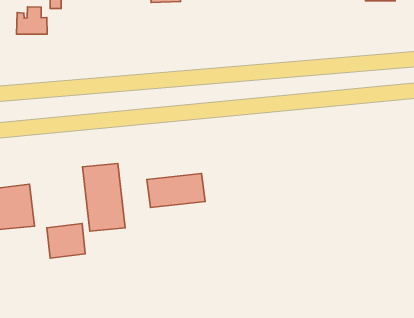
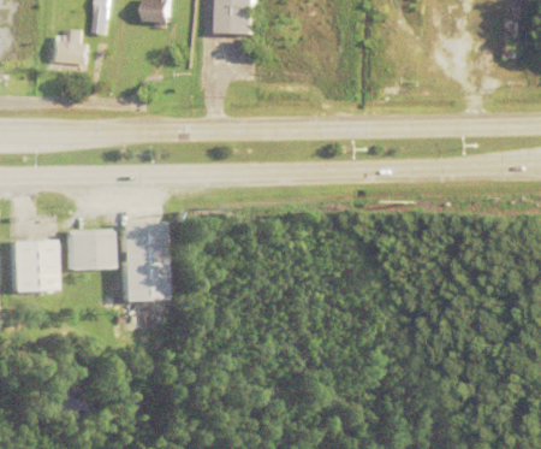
building: [147,173,205,208] -> none
building: [47,224,85,258] -> [69,232,113,272]

